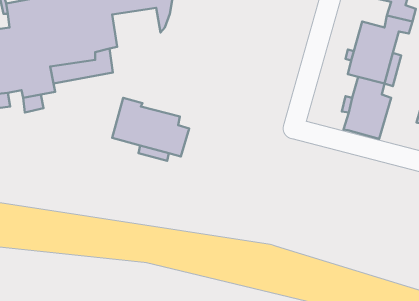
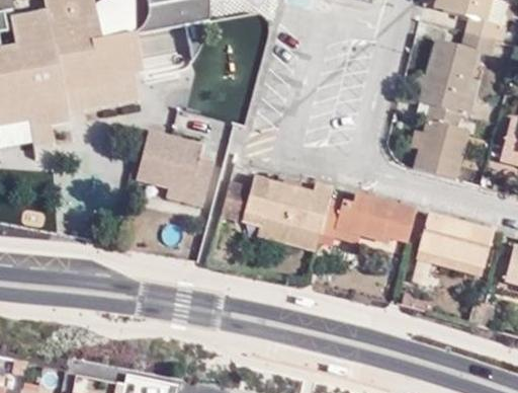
building: none -> [245,176,332,236]
building: none -> [335,193,416,242]
building: none -> [419,213,493,266]

